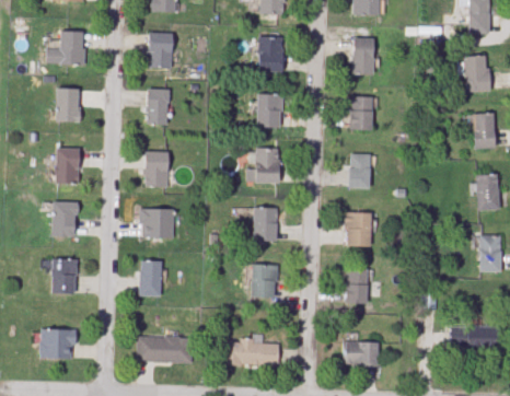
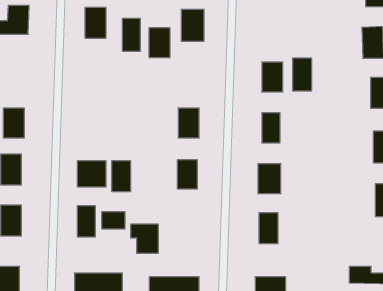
building: [352,37,374,74] -> [292,58,312,91]
building: [57,88,80,121] -> none
building: [147,89,167,126] -> [122,19,141,51]
building: [257,94,281,128] -> [149,28,170,58]
building: [146,152,167,187] -> [112,161,131,192]
building: [245,265,277,298] -> [131,224,158,253]
building: none -> [102,212,125,229]

